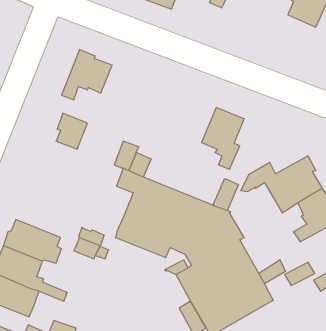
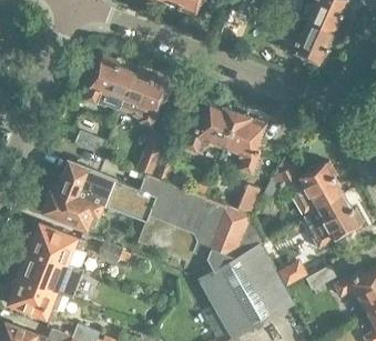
building: none -> [278,20,336,64]
building: none -> [123,70,167,126]
building: none -> [183,100,237,151]
building: none -> [43,159,155,233]

